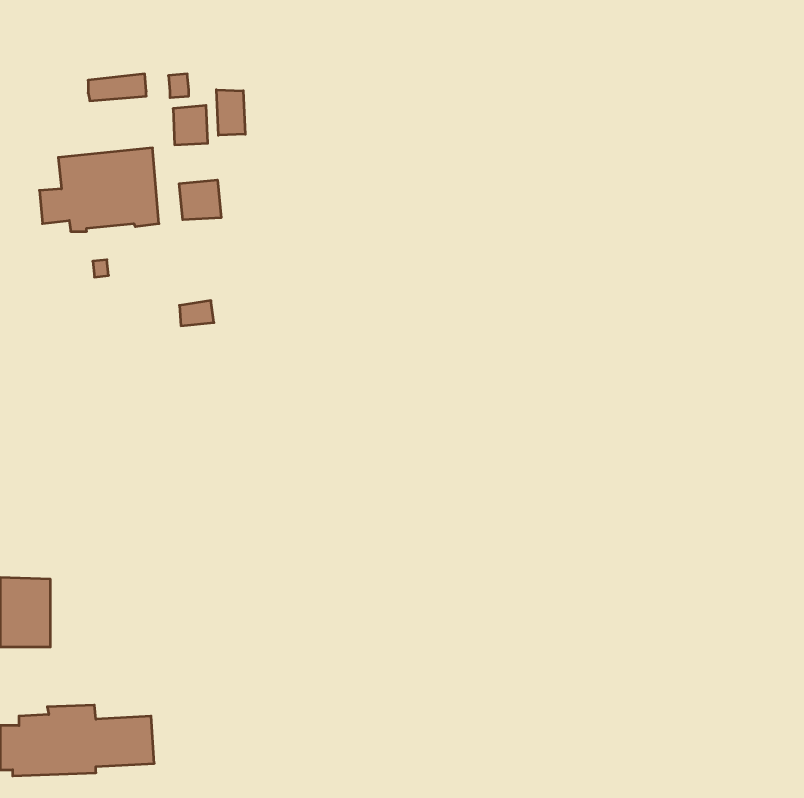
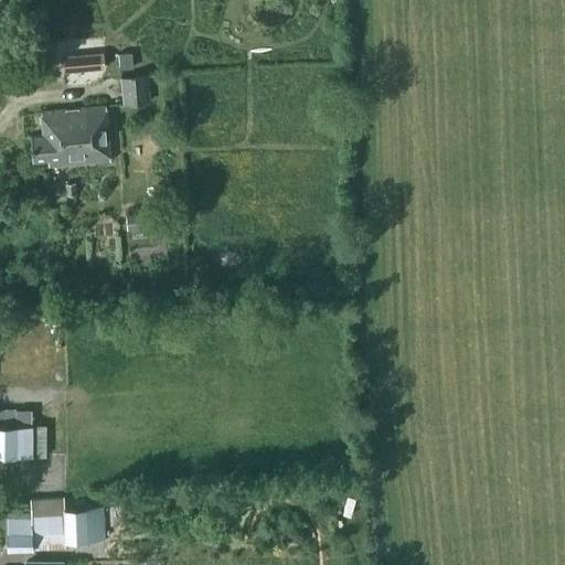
building: [216,90,245,135] -> none
building: [179,180,221,220] -> none

